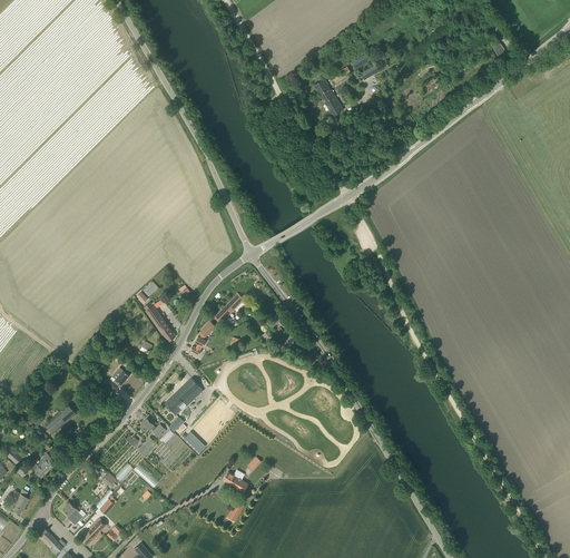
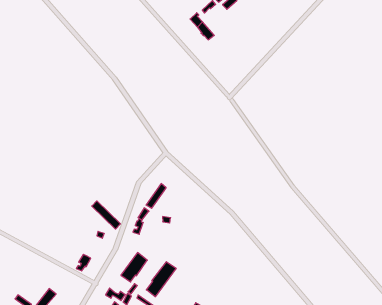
building: none -> [146,262,176,297]

